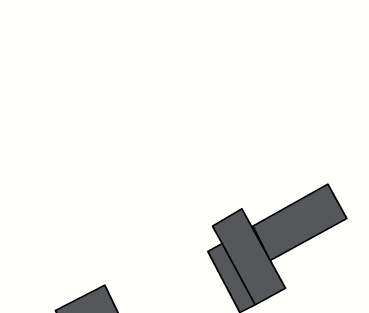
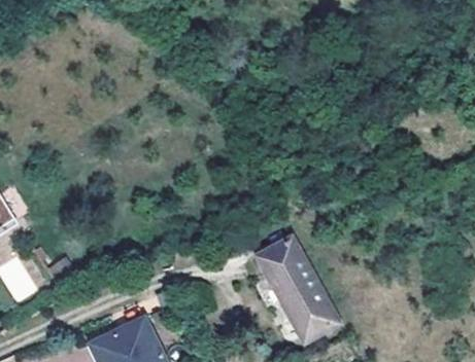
building: [253,184,347,260] -> none

